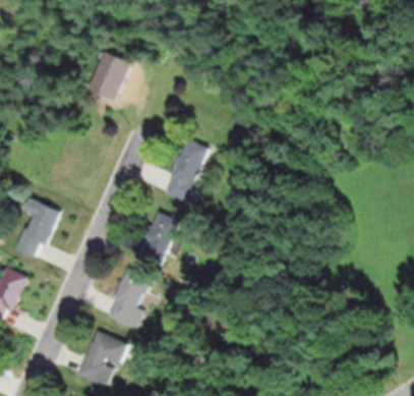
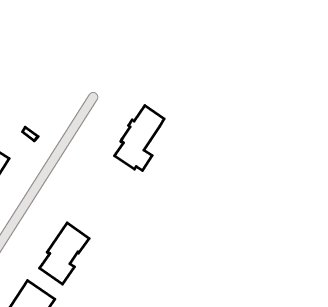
building: [88,51,126,98] -> none
building: [139,211,179,268] -> none

